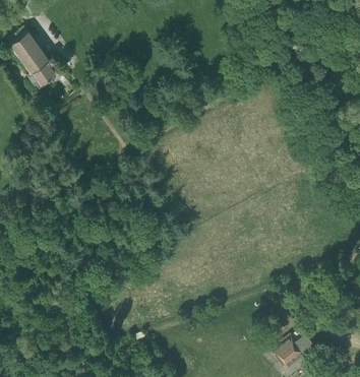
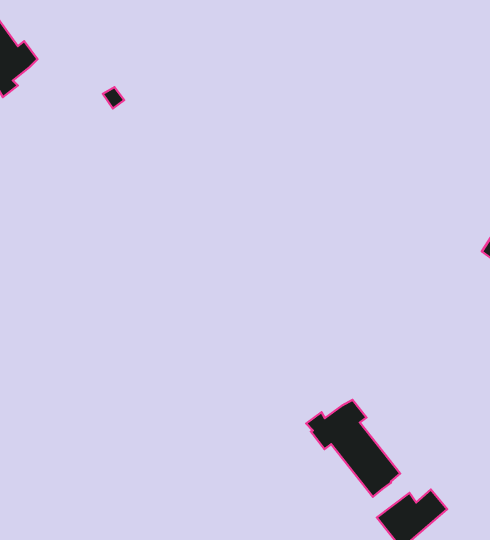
building: none -> [306,400,400,497]

